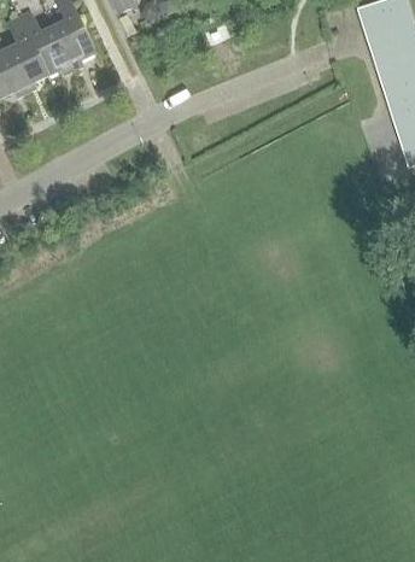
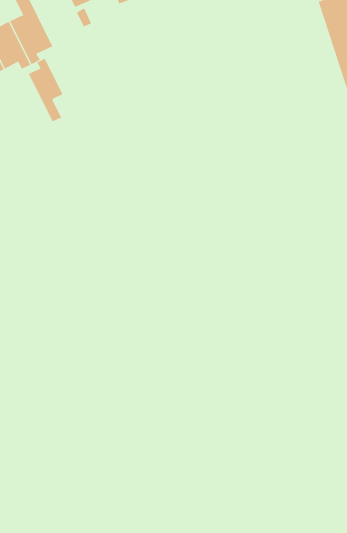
building: none -> [28,58,63,122]

